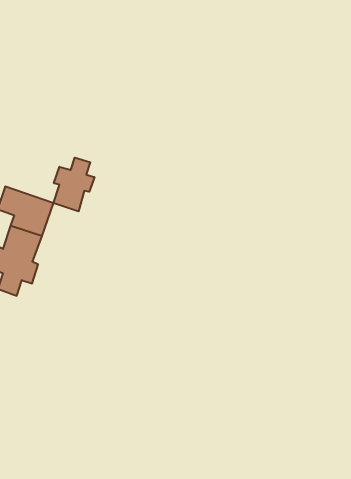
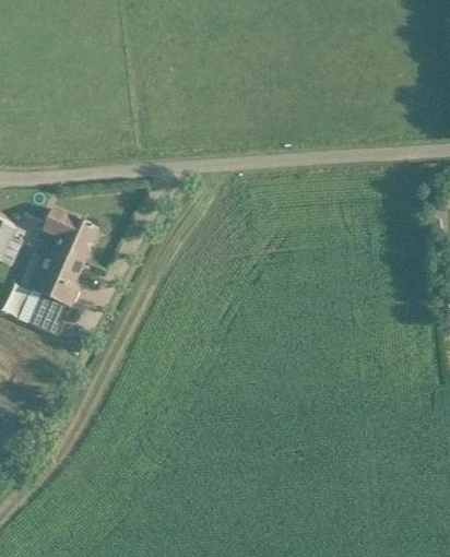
building: [53,158,94,211] -> none

